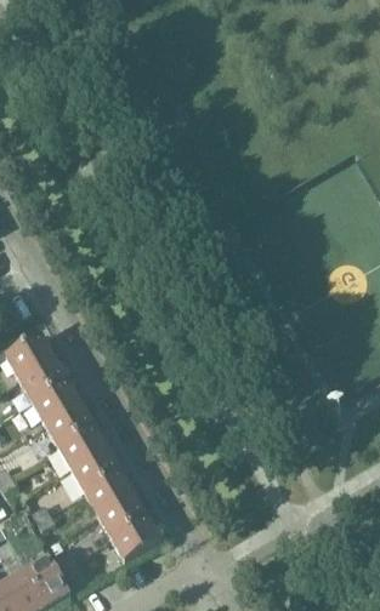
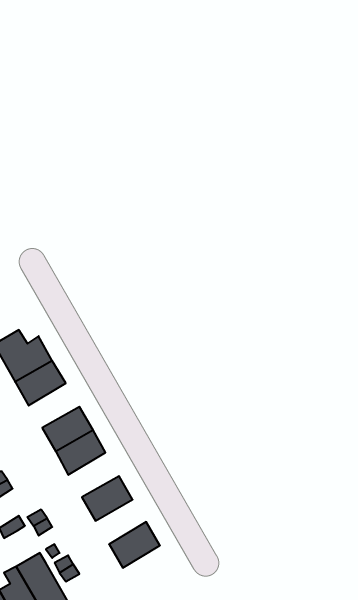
building: [33,381,83,424] -> none
building: [72,449,121,492] -> none
building: [98,495,148,538] -> none

